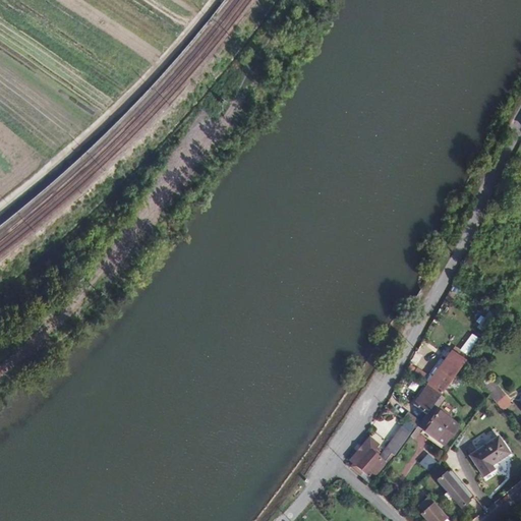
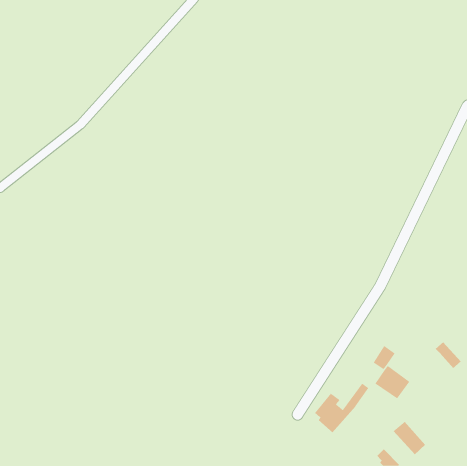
building: [427,349,464,393] -> none
building: [469,433,510,475] -> none

